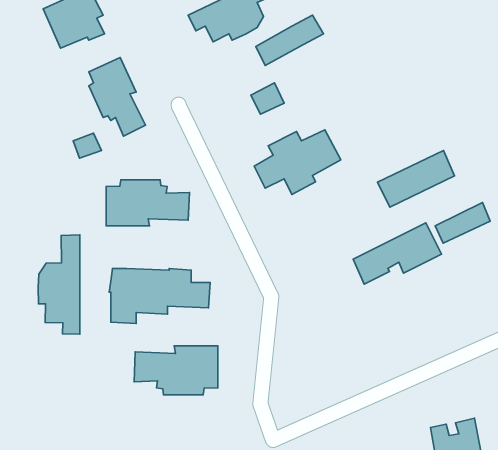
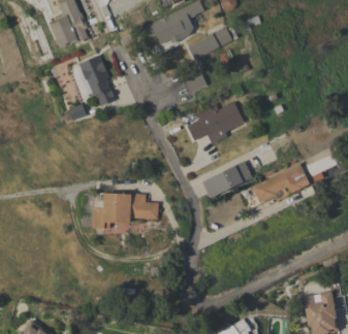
building: [377,151,455,207] -> [201,161,252,198]
building: [106,180,189,226] -> none
building: [38,235,80,334] -> none
building: [134,346,218,395] -> none

